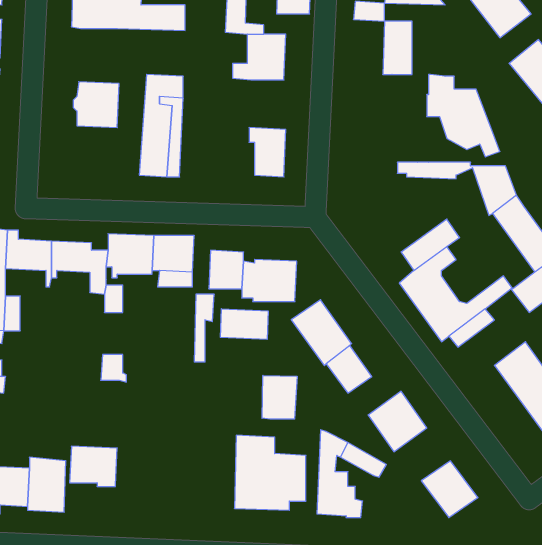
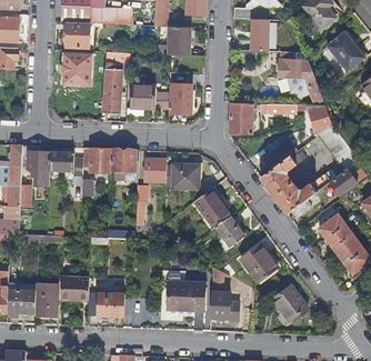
building: none -> [66,23,89,49]
building: none -> [130,86,154,108]
building: none -> [228,103,254,134]
building: [220,309,268,339] -> none
building: [262,375,297,419] -> none
building: none -> [88,292,124,317]

